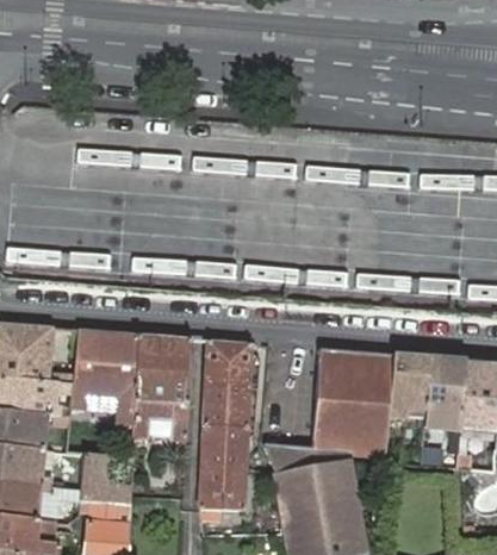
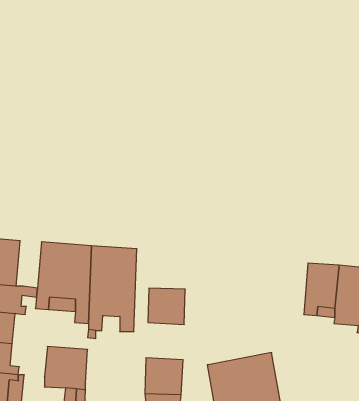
building: [205,339,250,385] -> none
building: [265,348,390,474] -> none
building: [201,424,247,468] -> none

